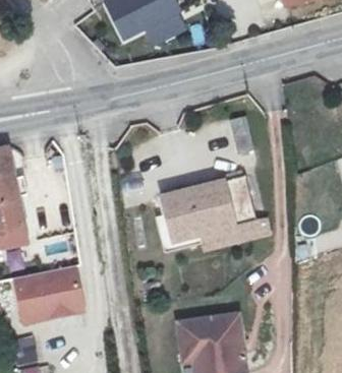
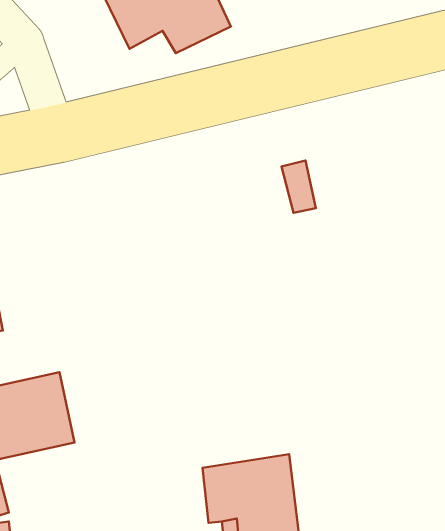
building: [161,179,254,244] -> none

